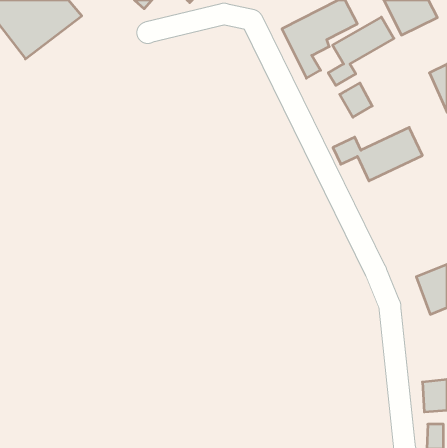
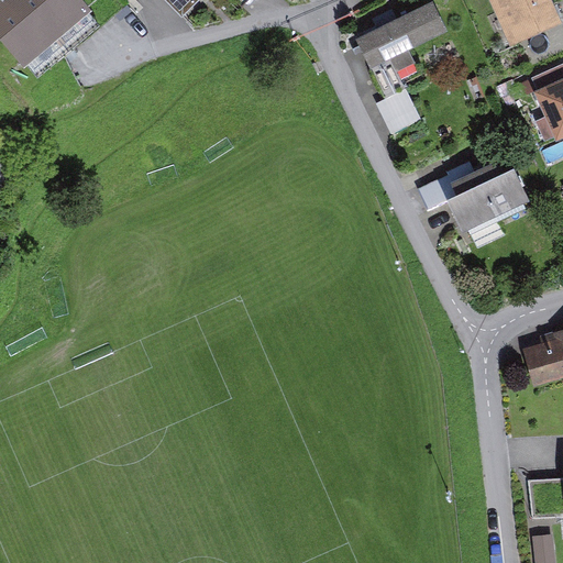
building: [328,17,394,85] -> none
building: [340,83,372,117] -> [376,89,417,132]

